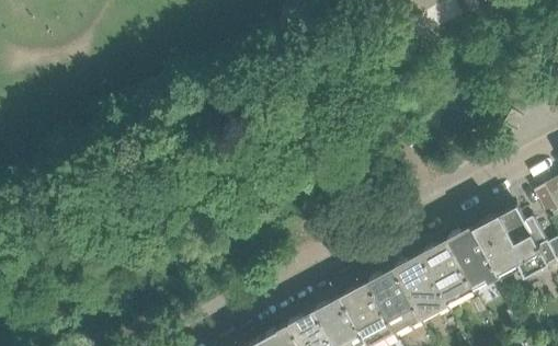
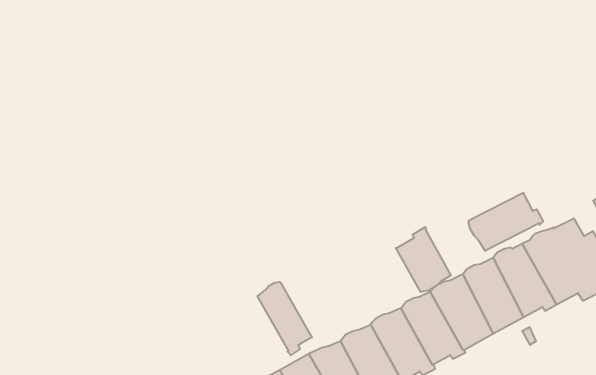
building: none -> [468,193,543,251]
building: none -> [396,227,451,292]
building: none -> [257,282,312,355]

